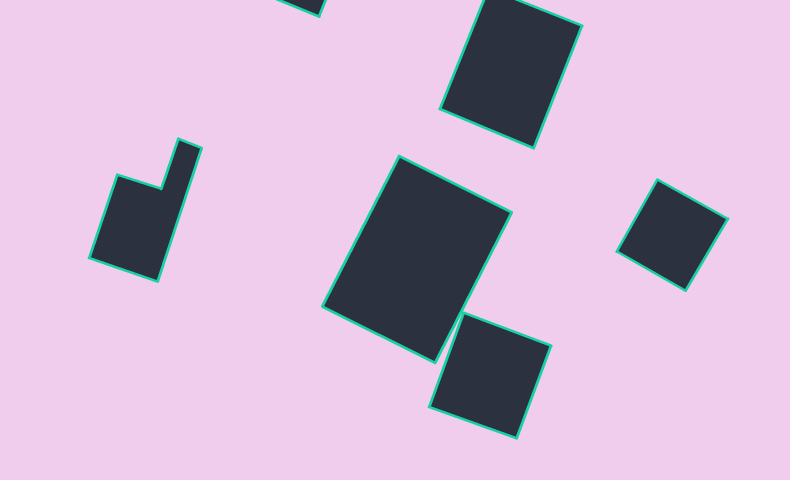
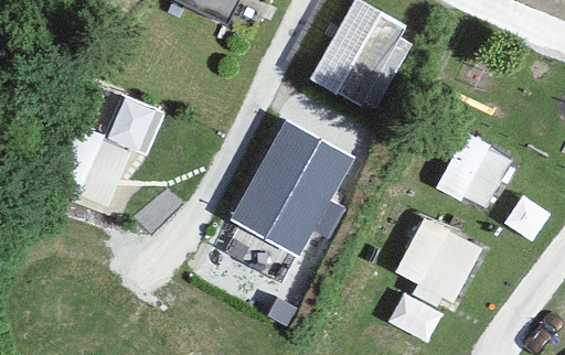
building: [429,313,551,438] -> [395,216,481,304]

